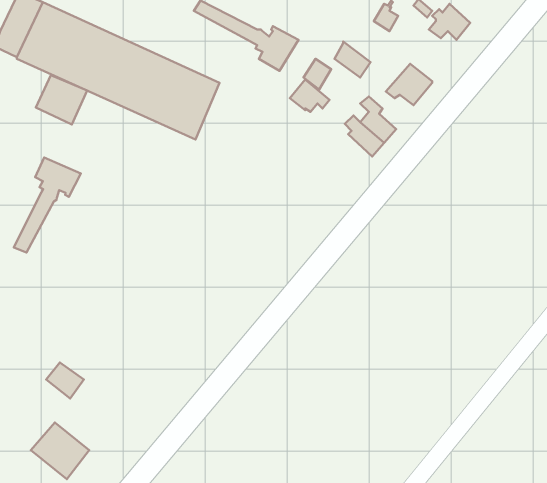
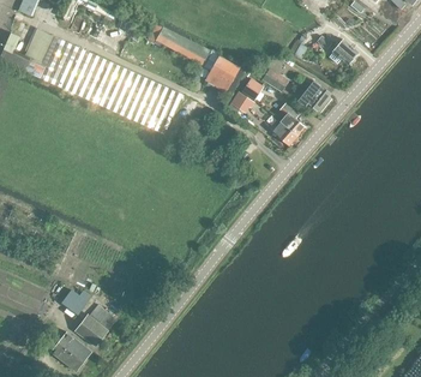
building: [36,75,87,125] -> none
building: [14,157,81,253] -> none
building: none -> [73,305,115,347]

